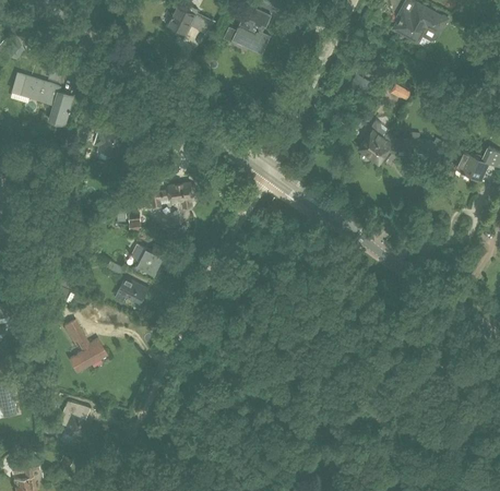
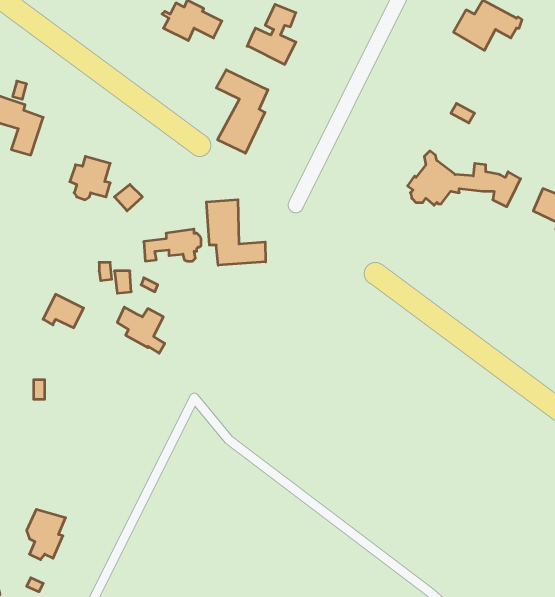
building: none -> [216,70,268,153]
building: none -> [206,200,266,265]
building: [115,277,146,303] -> [43,294,84,328]
building: [64,320,106,372] -> none

